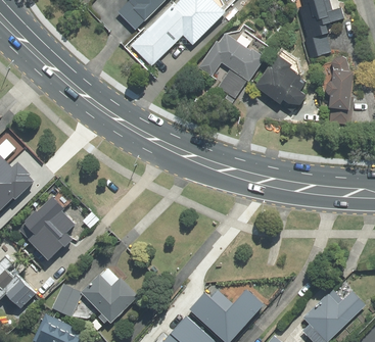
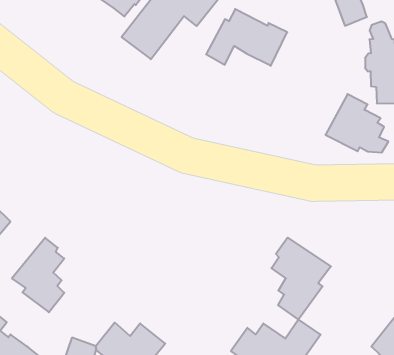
building: [253,55,303,105] -> [325,94,388,152]
building: [219,69,247,98] -> none
building: none -> [271,238,331,319]

